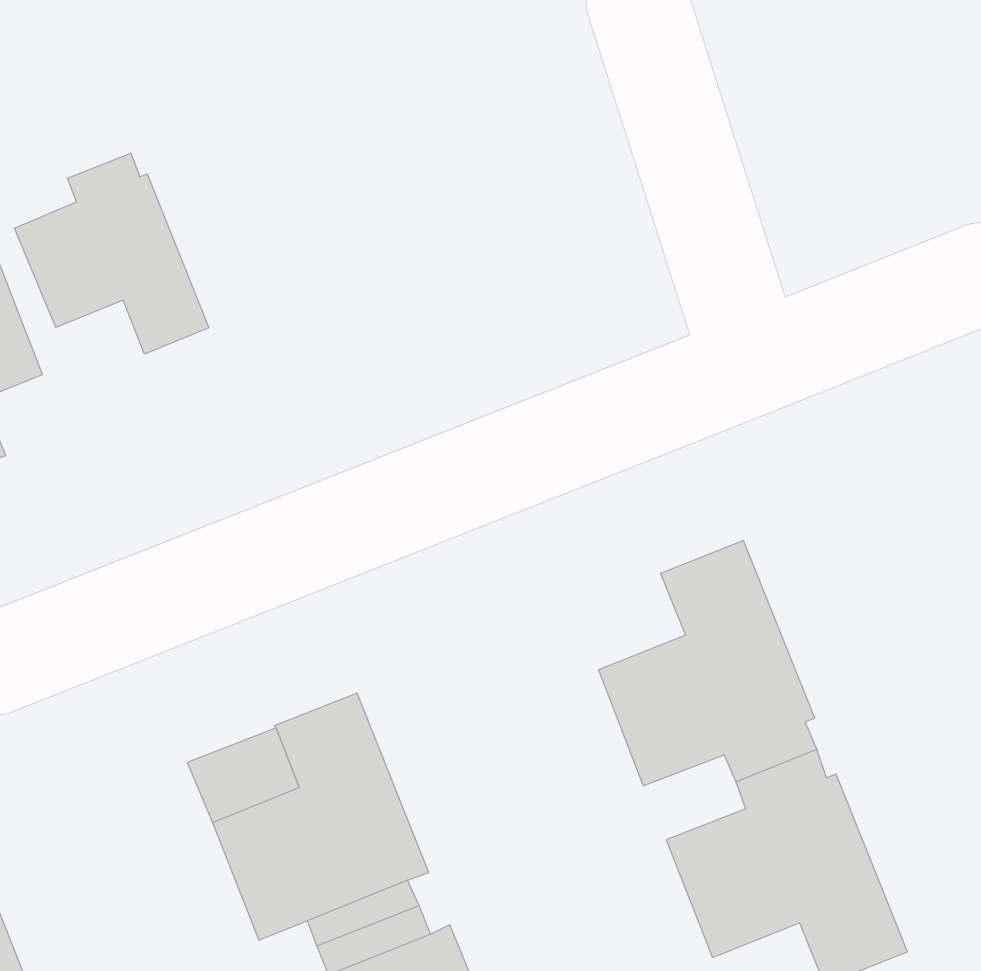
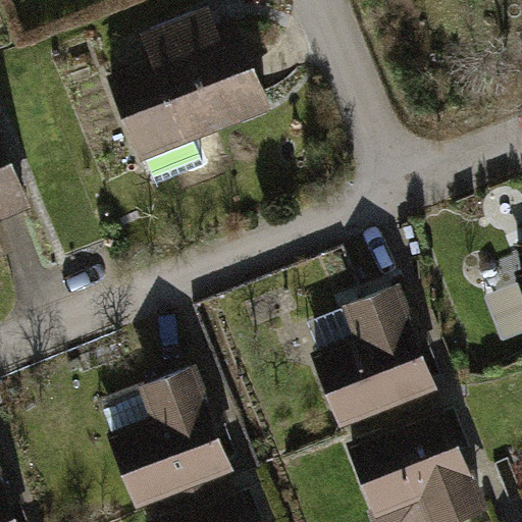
building: none -> [111,22,265,187]
building: [14,153,209,354] -> none

